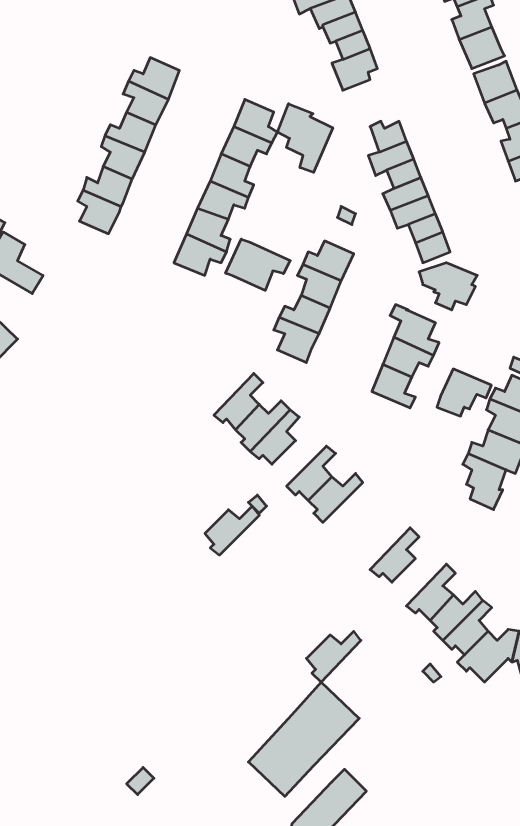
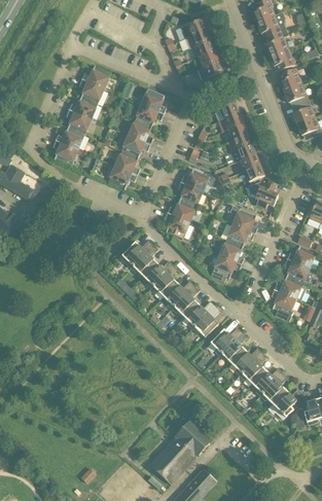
building: [277,104,333,172] -> none
building: [226,239,290,290] -> none
building: none -> [122,239,153,267]
building: [437,369,491,416] -> [211,254,242,281]
building: none -> [192,306,220,336]
building: [205,506,259,555] -> [164,280,194,308]
building: none -> [211,326,242,355]
building: [306,631,361,682] -> [231,347,262,375]

